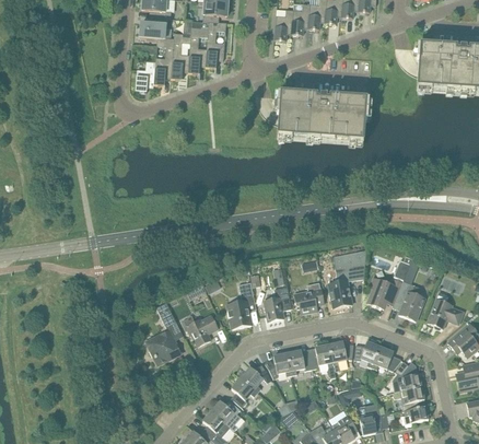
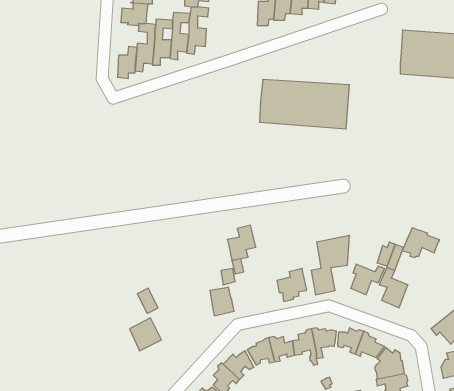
building: [264,285,292,320] -> [227,225,256,260]
building: [427,299,464,328] -> [402,228,440,257]
building: [180,314,218,346] -> none

